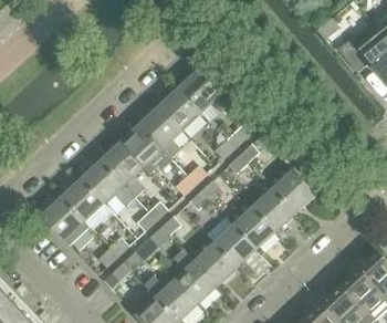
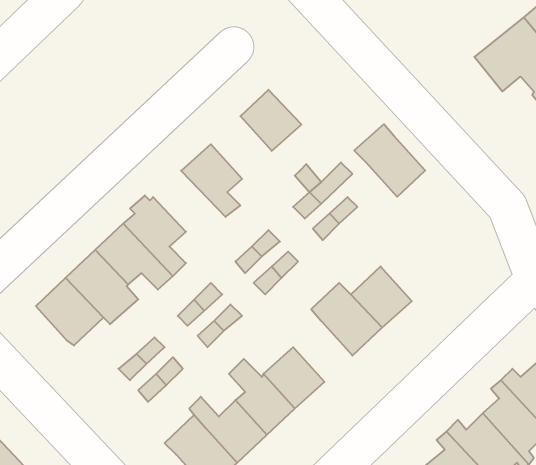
building: [160,88,201,131] -> none
building: [122,125,170,166] -> none
building: [266,164,314,212] -> [354,124,425,197]
building: [216,217,255,267] -> none

